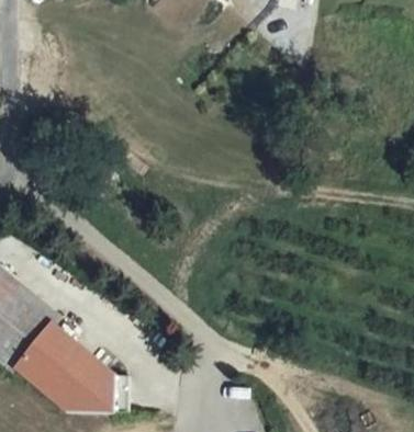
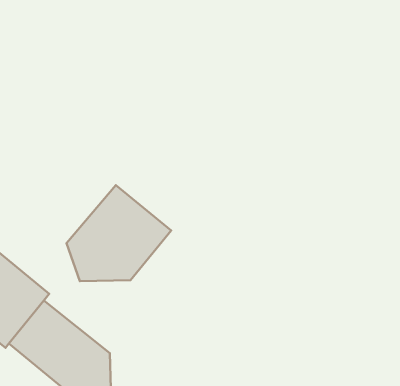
building: none -> [67,185,171,281]

